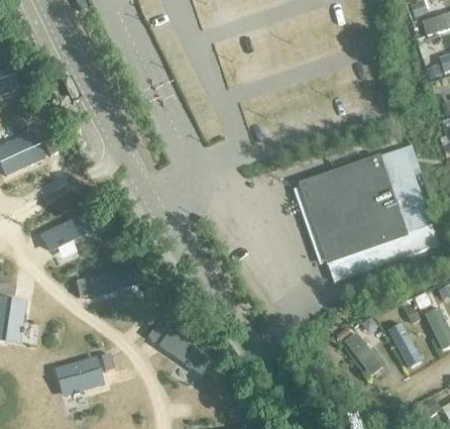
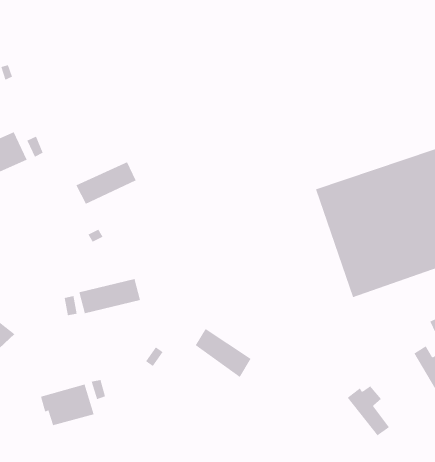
building: [38,213,93,251] -> [75,161,136,204]
building: [159,330,210,374] -> [195,328,252,378]
building: [343,330,381,376] -> [347,385,390,436]

